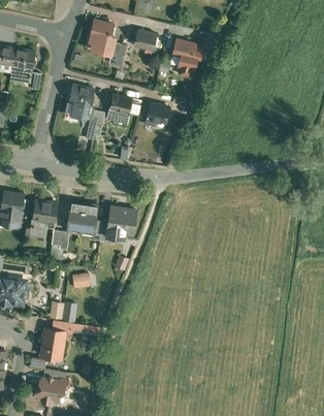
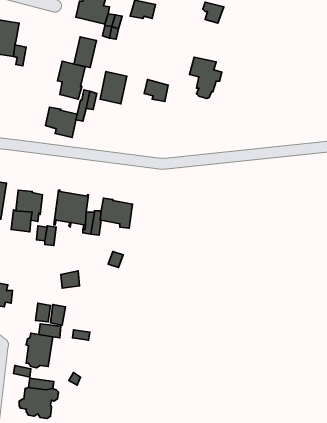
building: [172,38,201,75] -> [190,57,222,99]
building: none -> [74,37,97,68]
building: none -> [45,107,77,137]

